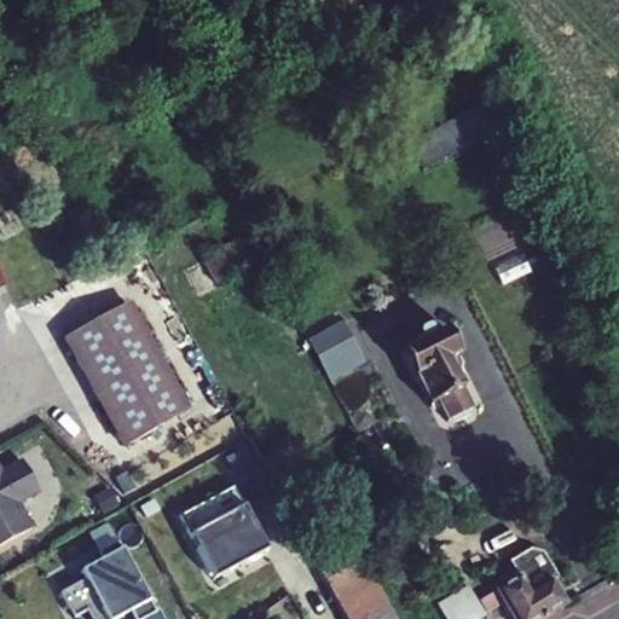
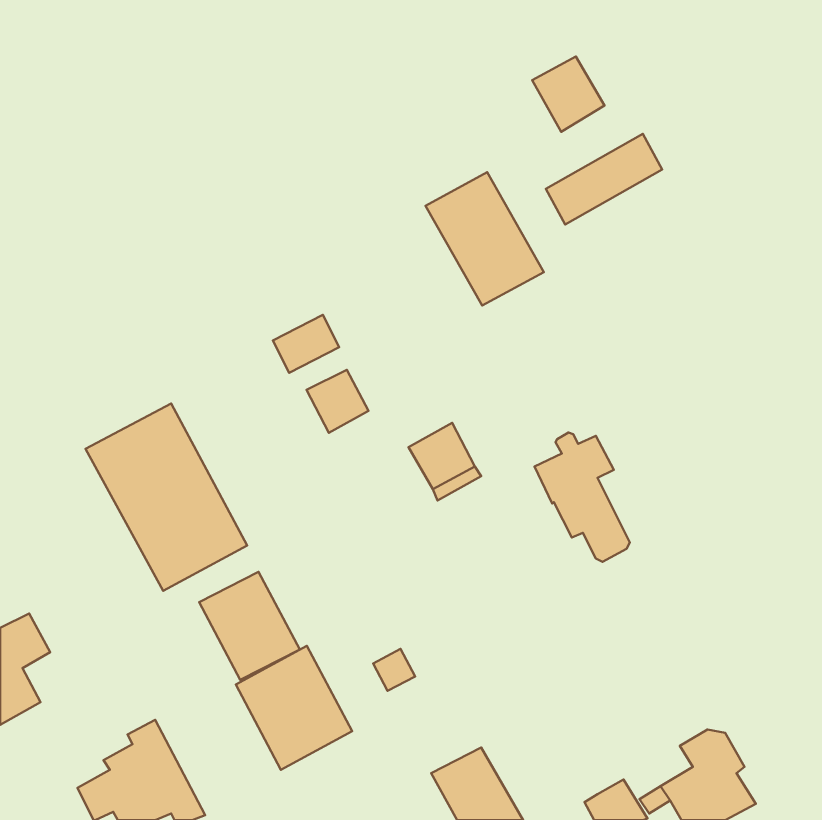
building: none -> [532,56,604,132]
building: none -> [426,172,544,306]
building: none -> [307,370,368,433]
building: none -> [199,572,300,680]

